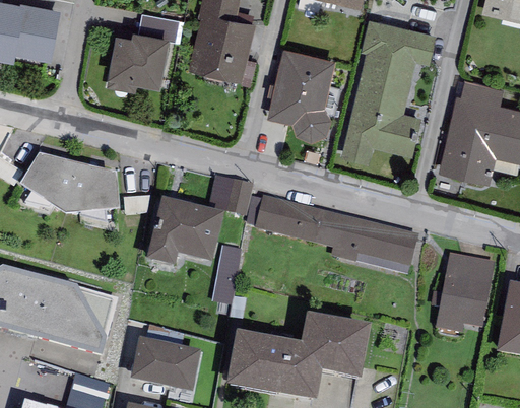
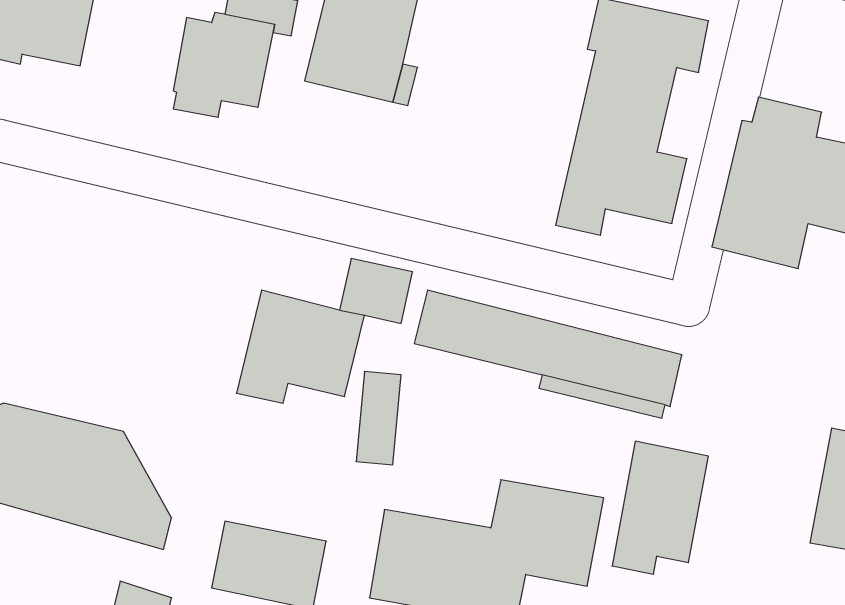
building: [266,47,336,141] -> none
building: [20,154,120,214] -> none
building: [436,256,495,337] -> [612,441,708,574]

